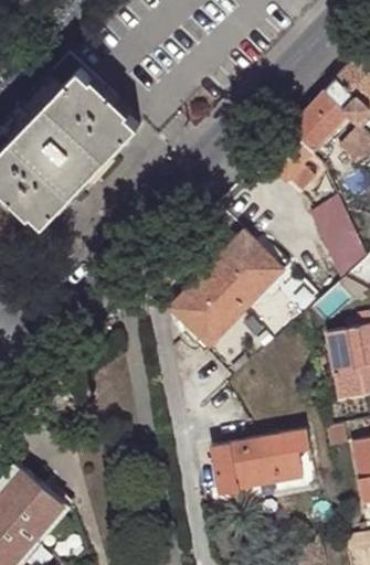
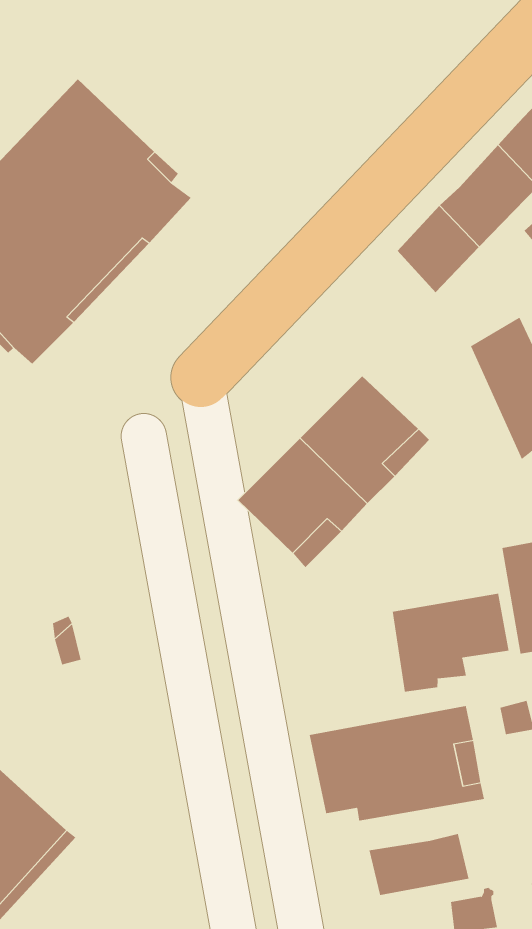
building: none -> [392,593,509,692]
building: none -> [369,833,469,896]

